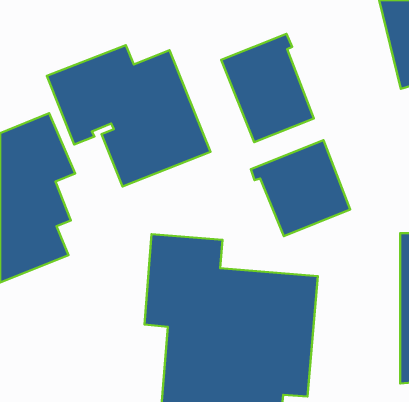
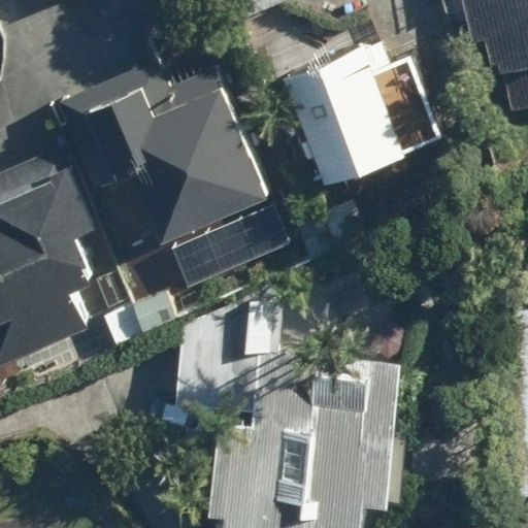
building: [251,140,350,236] -> none

